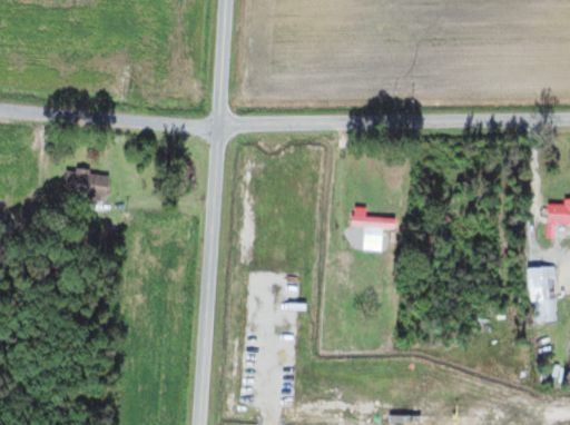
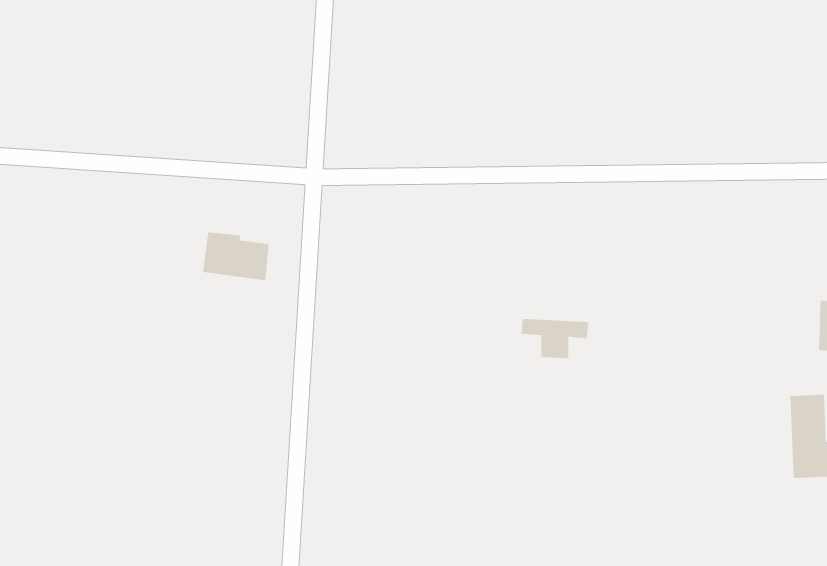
building: [63,168,108,200] -> [202,232,270,281]

